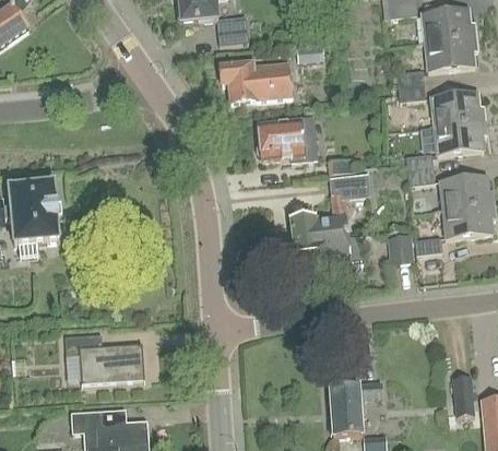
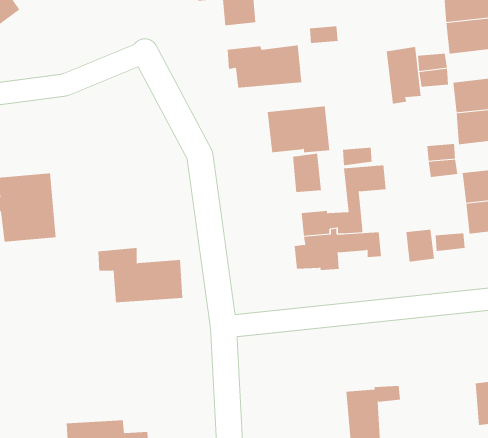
building: none -> [386,46,421,104]
building: none -> [292,153,321,193]
building: [64,332,144,383] -> [97,248,183,303]

